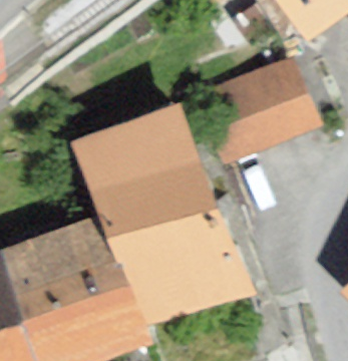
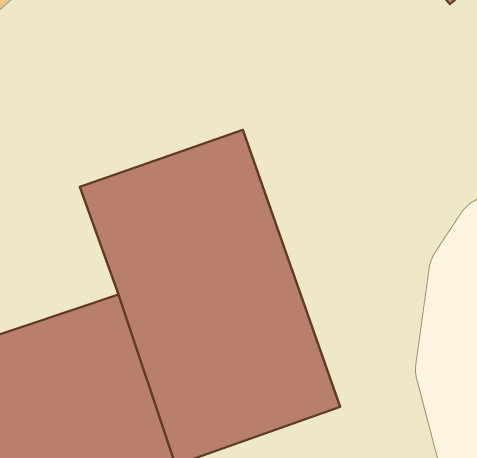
building: [204,63,318,164] -> none

